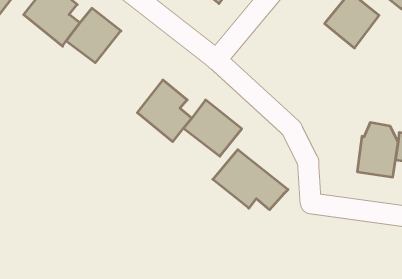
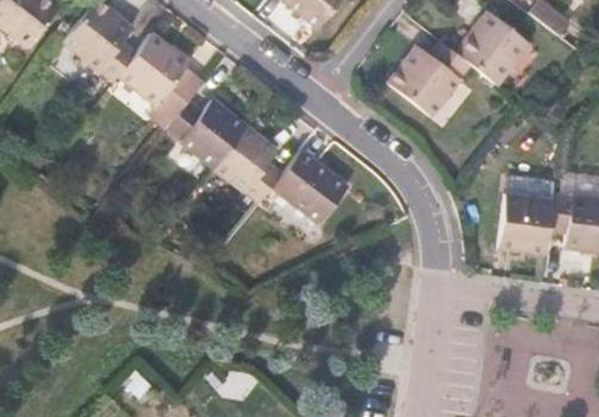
building: none -> [389,41,470,114]
building: none -> [165,101,246,169]
building: [213,150,288,210] -> none

